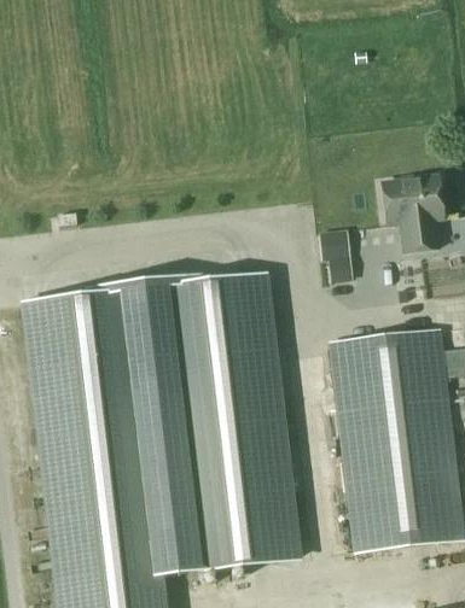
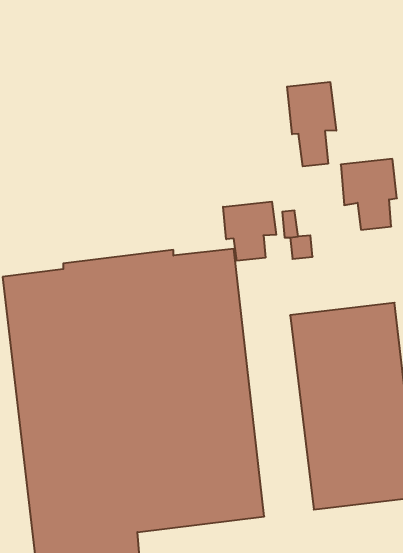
building: none -> [287,82,336,166]
building: none -> [223,202,276,261]

